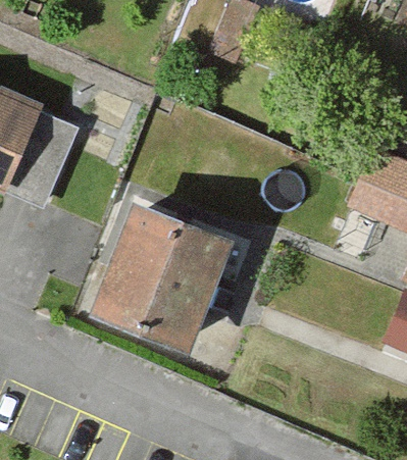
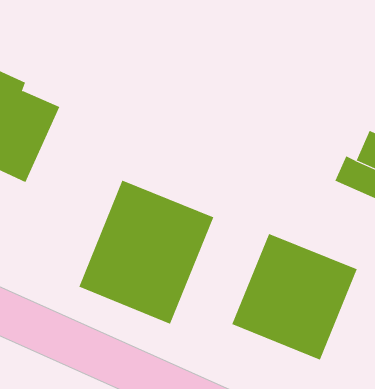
building: none -> [232,233,357,360]

